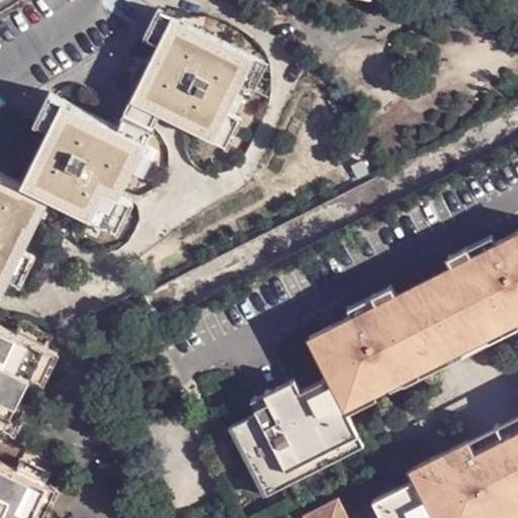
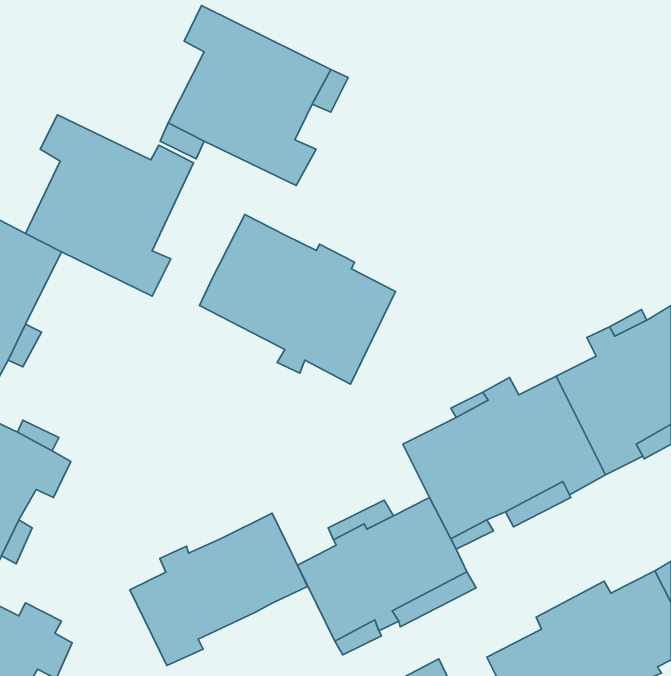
building: none -> [200,214,396,384]
building: none -> [130,513,307,666]

